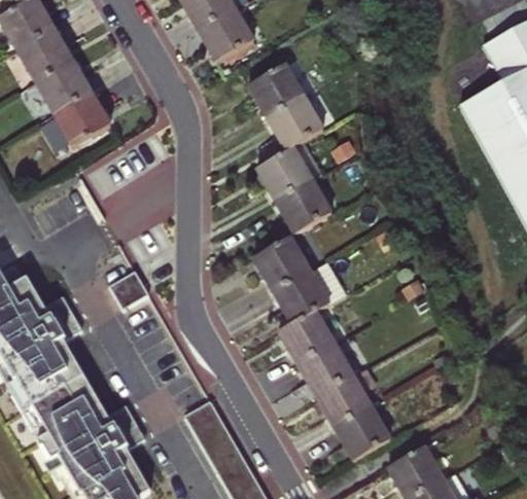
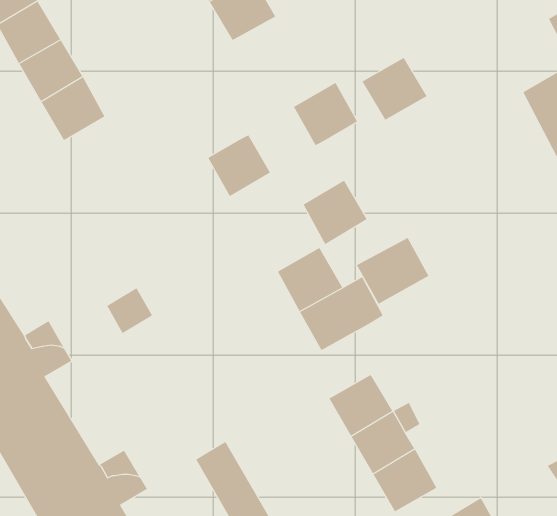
building: [247,63,303,116] -> [362,57,427,121]
building: [256,146,310,199] -> [207,135,271,197]
building: none -> [356,237,429,305]
building: [278,309,332,362] -> none

